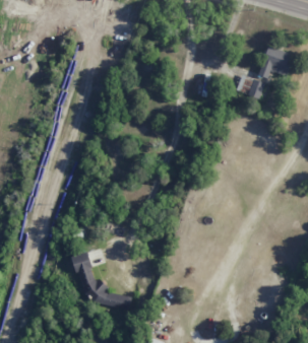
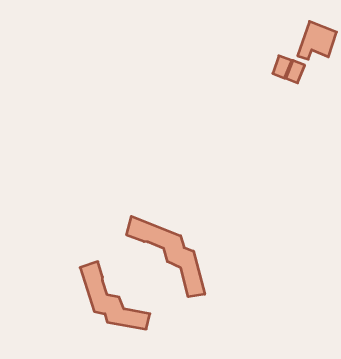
building: none -> [127,216,205,297]

